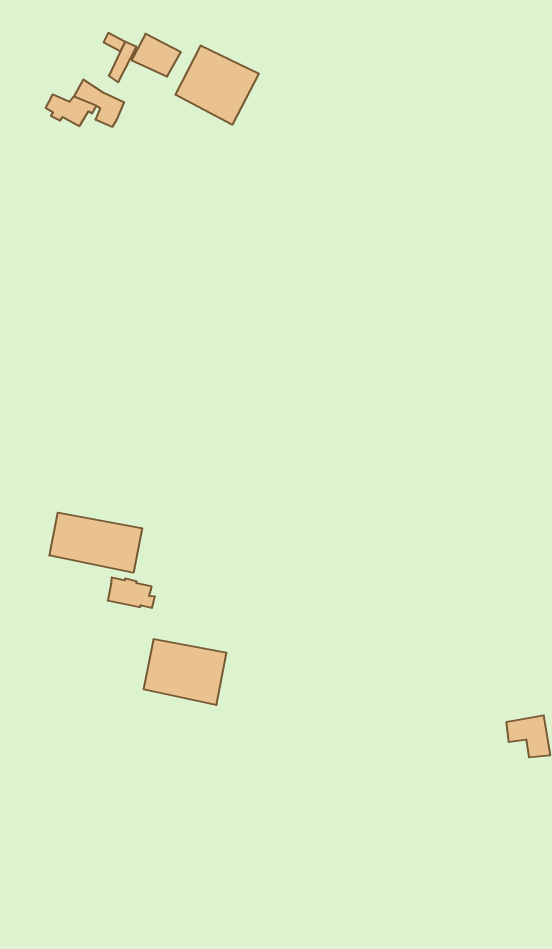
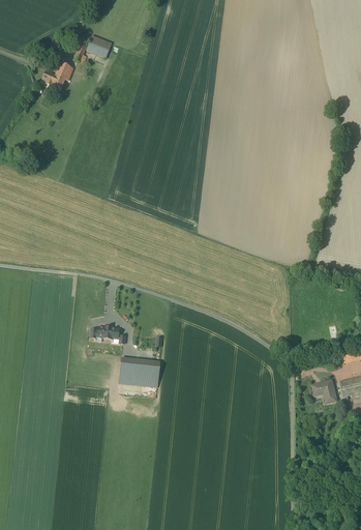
building: [175,45,259,125] -> none
building: [49,513,142,573] -> none

